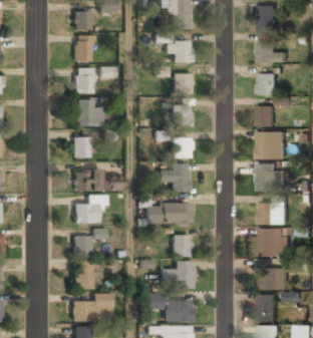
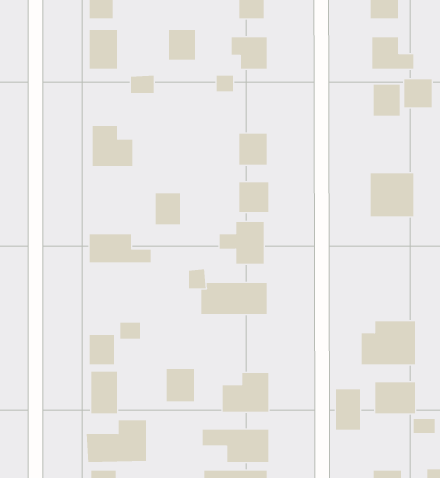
building: [71,68,90,93] -> none
building: [171,73,189,93] -> [168,30,196,60]
building: [255,106,274,125] -> [403,79,432,108]
building: [70,137,87,158] -> [155,193,181,225]
building: [257,163,283,190] -> none
building: [71,195,103,224] -> none
building: [258,203,286,224] -> none
building: [170,235,189,257] -> [166,368,195,402]
building: [258,294,275,321] -> [335,389,361,430]

